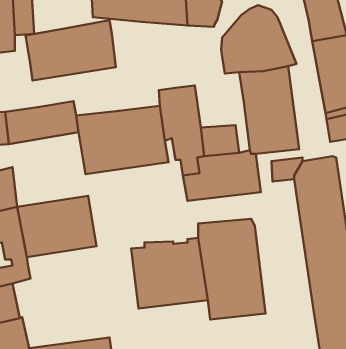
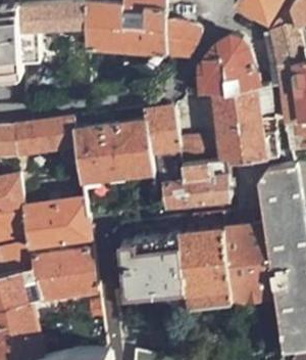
building: [26,20,116,80] -> none
building: none -> [225,221,275,301]
building: none -> [33,252,98,302]

